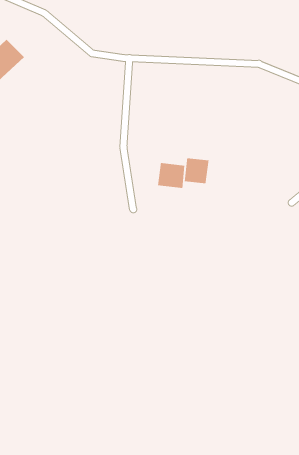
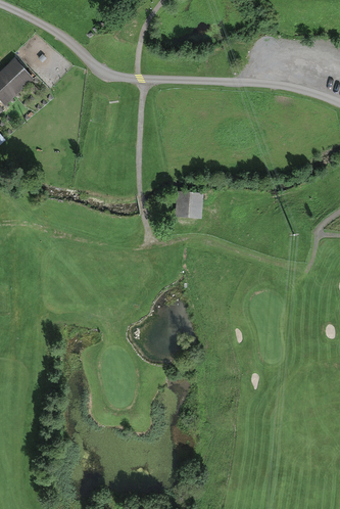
building: [184,157,209,184] -> none

